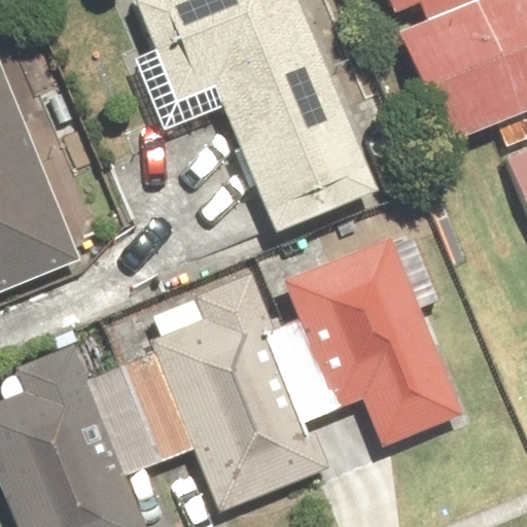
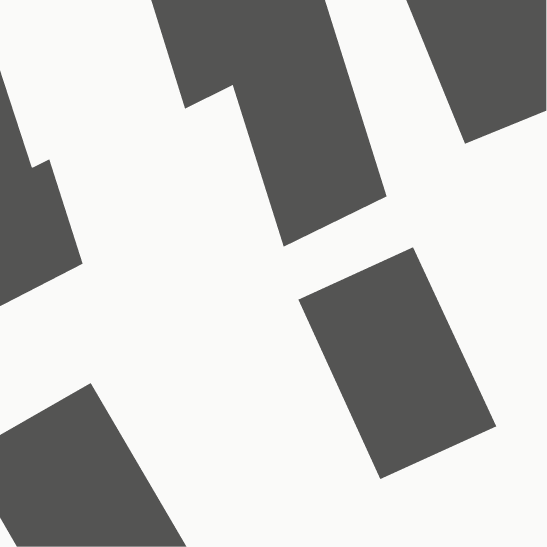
building: [160,313,335,514] -> none

